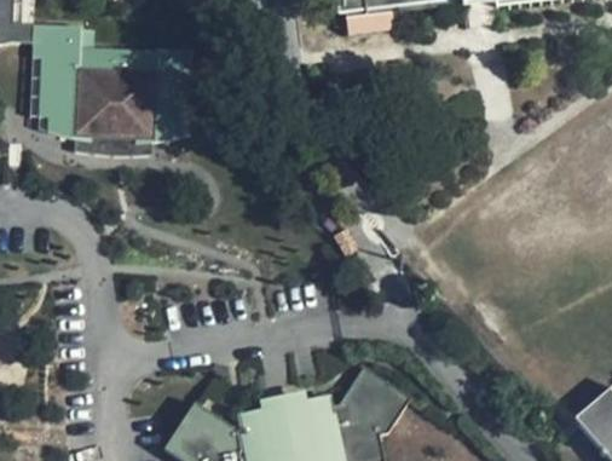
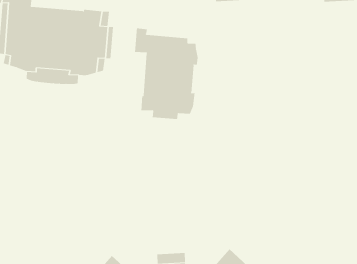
building: none -> [134,28,198,120]

